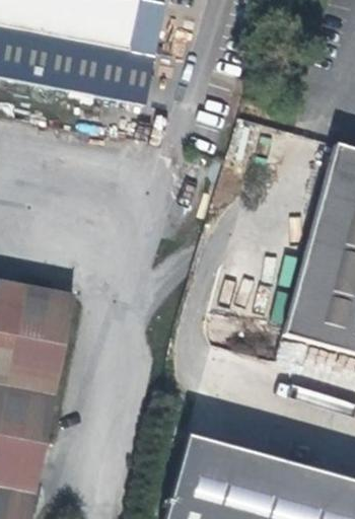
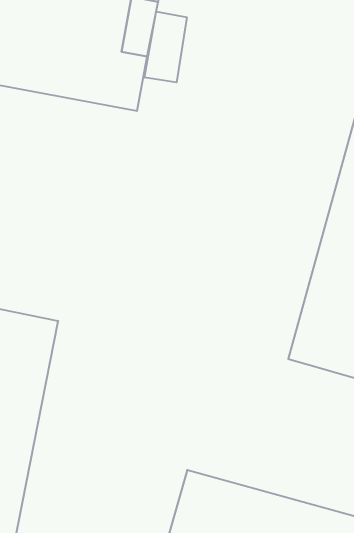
building: none -> [144,11,187,82]

